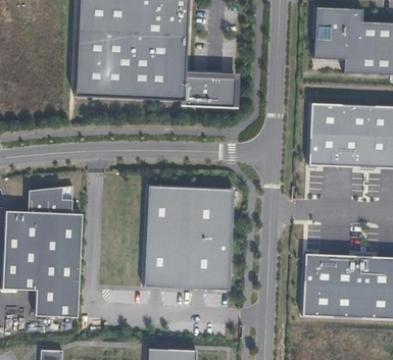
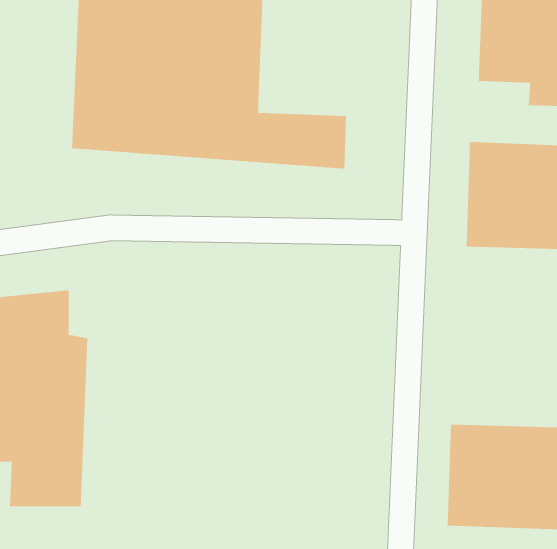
building: [144,194,233,288] -> none

